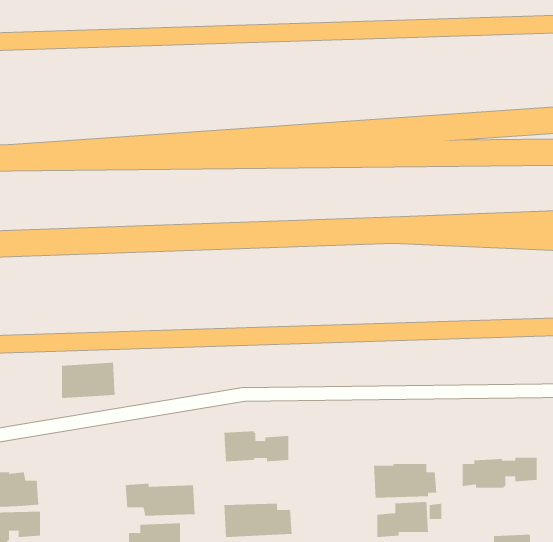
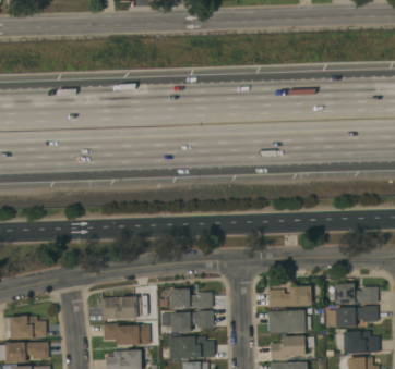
building: [61,362,116,398] -> [101,296,137,320]
building: none -> [330,283,378,304]
building: none -> [268,286,314,307]
building: none -> [161,310,214,332]
building: none -> [343,331,380,354]

